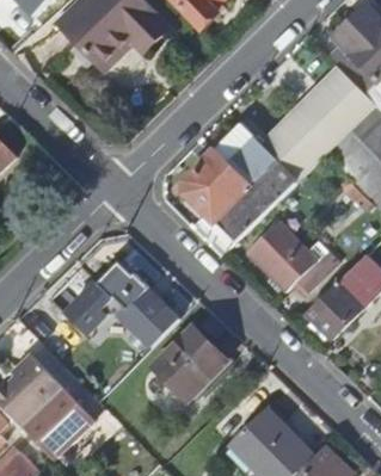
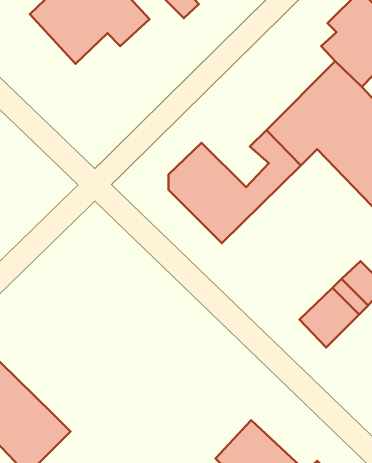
building: [216,124,279,187] -> none
building: [247,221,340,291] -> none
building: [63,259,180,345] -> none
building: [154,326,227,398] -> none

